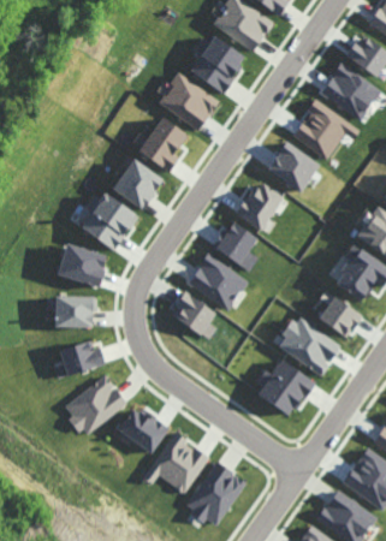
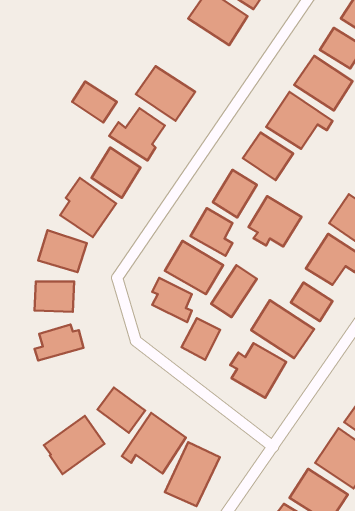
building: [189,35,247,93] -> none
building: none -> [72,81,117,122]
building: none -> [248,196,302,247]
building: none -> [211,265,257,317]
building: none -> [181,318,220,360]
building: [64,375,126,435] -> [44,416,105,474]

